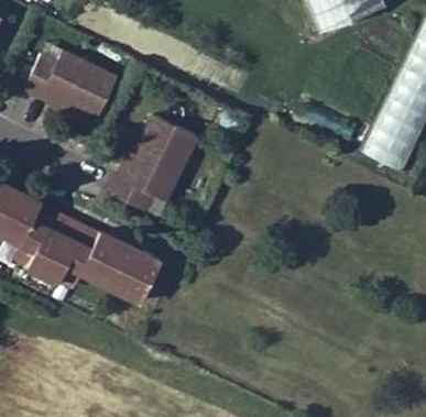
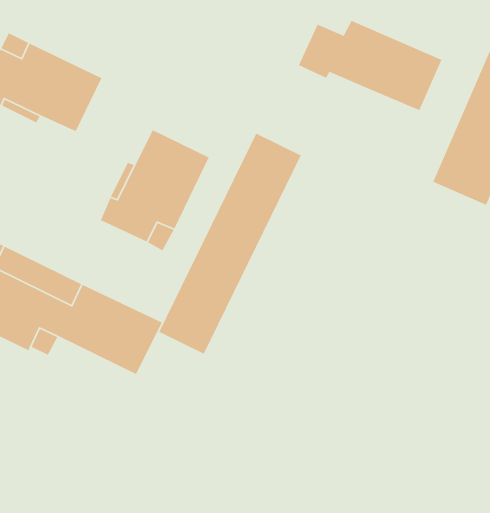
building: none -> [298,20,442,111]
building: none -> [158,132,302,355]

